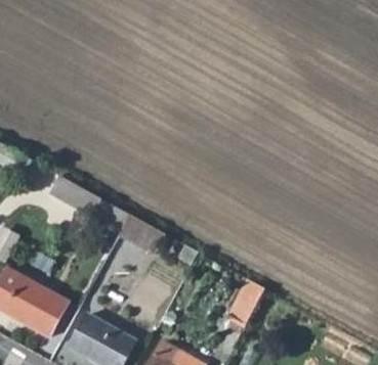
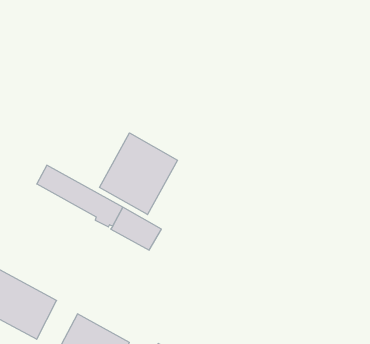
building: none -> [100,133,177,215]
building: [227,279,265,325] -> none

